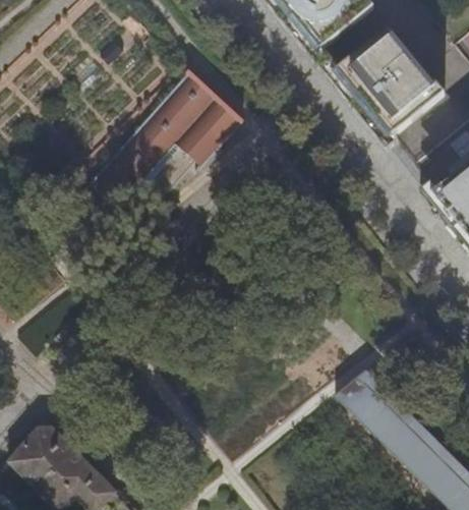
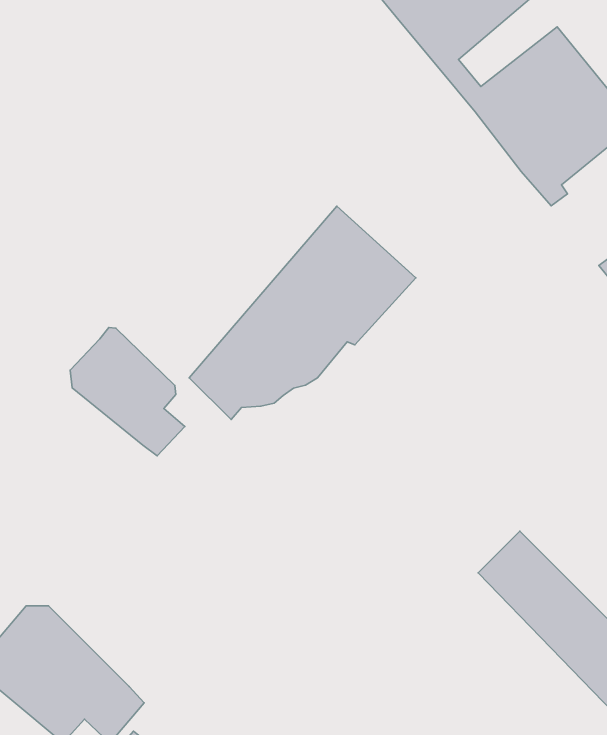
building: [87,64,242,210] -> [189,206,416,419]
building: none -> [70,328,185,456]

